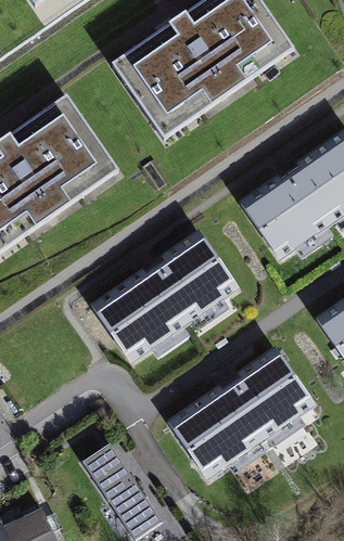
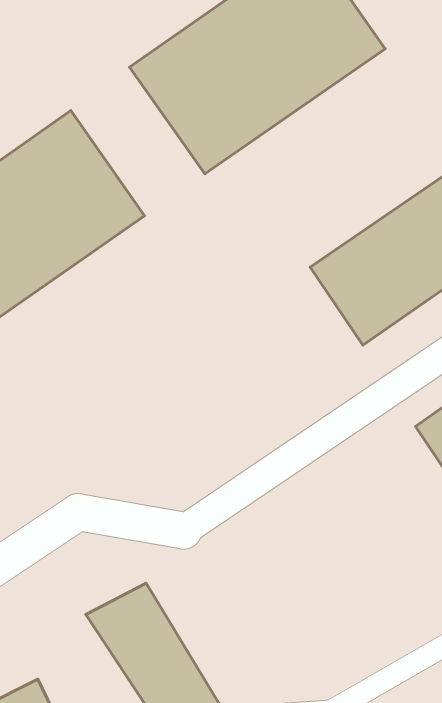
building: [89,231,242,368] -> none
building: [166,347,316,481] -> none

